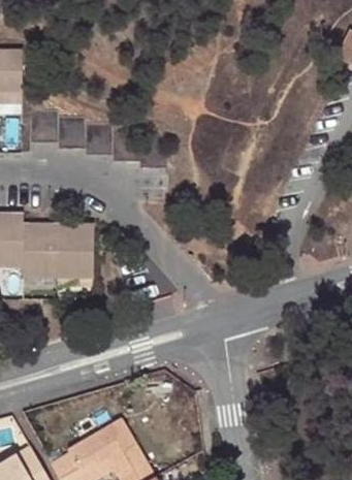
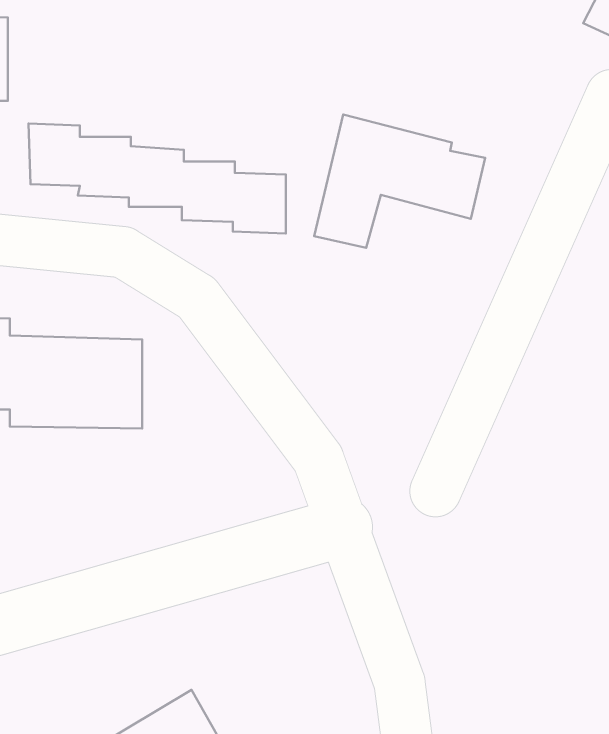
building: none -> [314,114,485,248]

